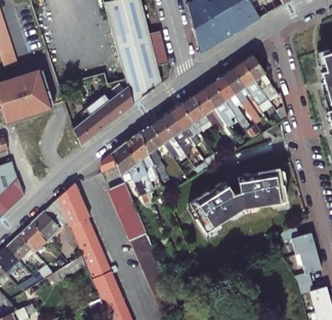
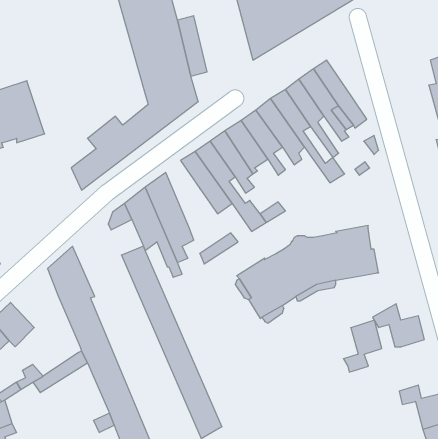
building: [138,124,162,171] -> none
building: [31,198,64,239] -> none
building: [296,247,323,283] -> [343,320,382,372]

